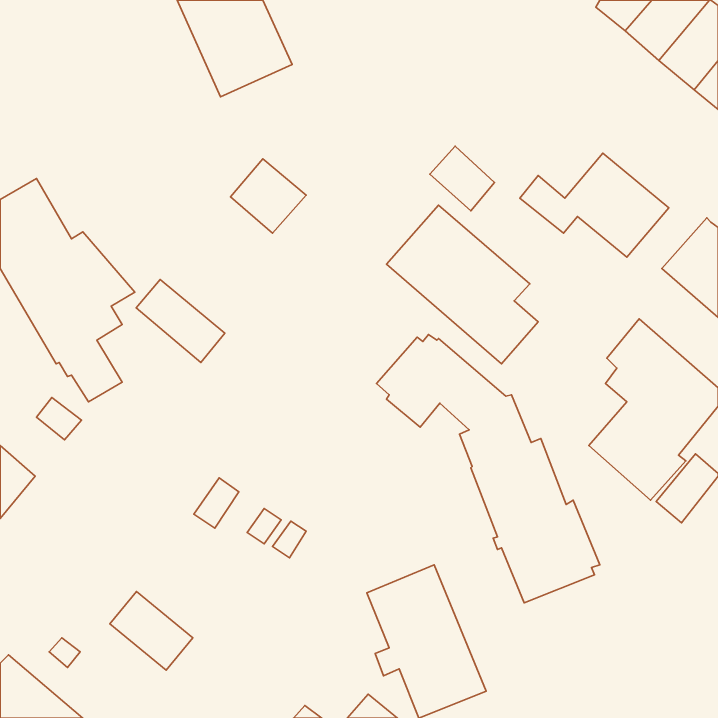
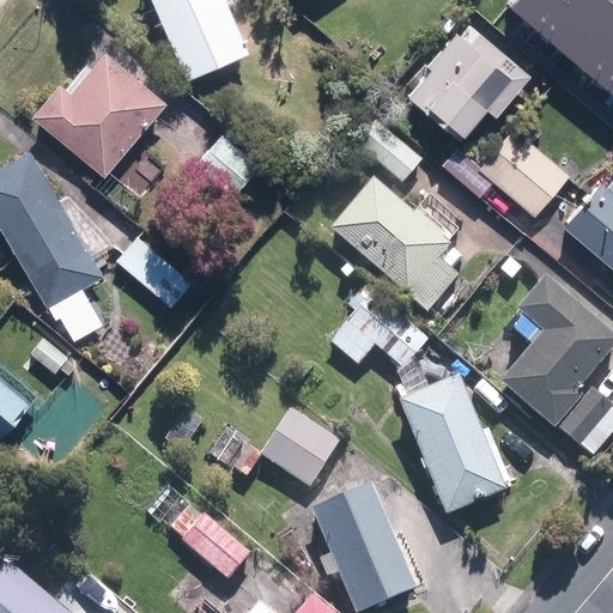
building: none -> [403,28,530,146]
building: none -> [34,56,166,180]
building: none -> [262,409,341,486]
building: [110,591,193,670] -> [182,511,253,578]

